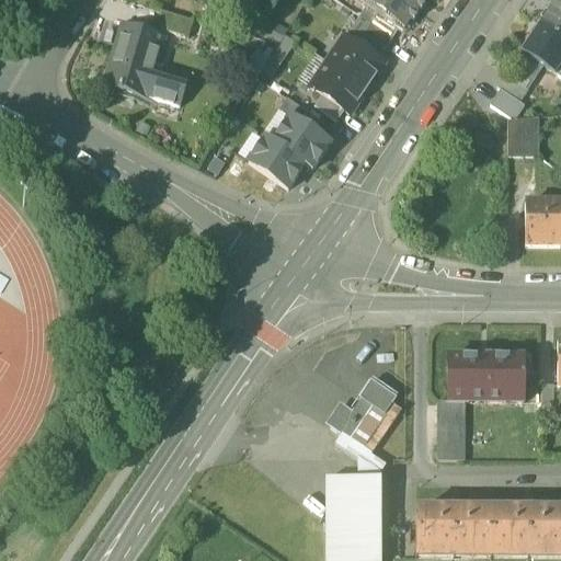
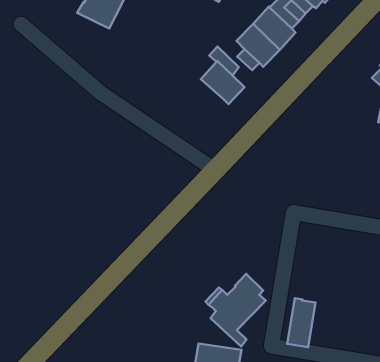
building: [146,59,186,102] -> none
building: [249,133,306,185] -> none
building: [448,354,525,399] -> none

